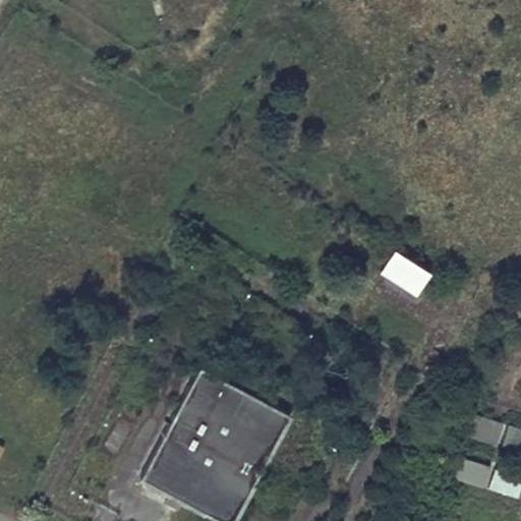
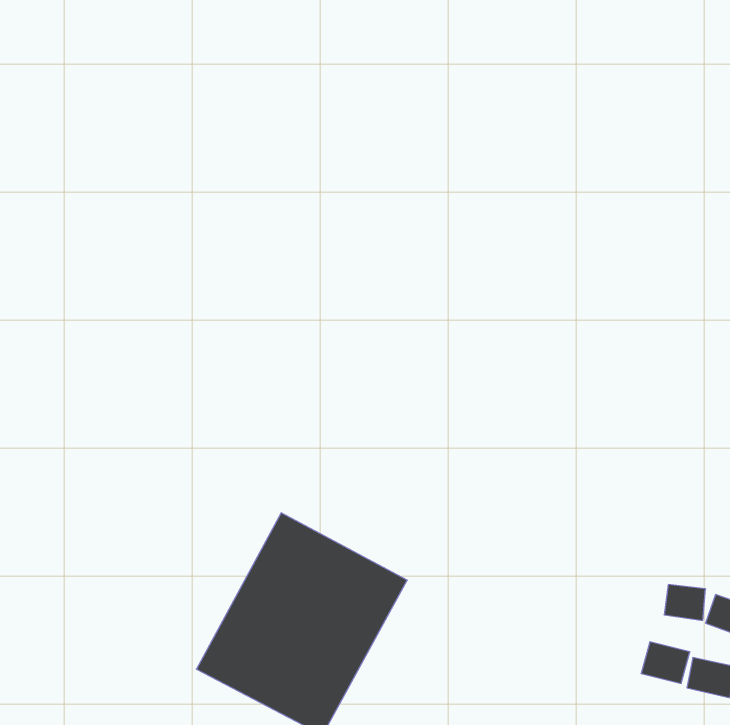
building: [379,250,431,296] -> none

